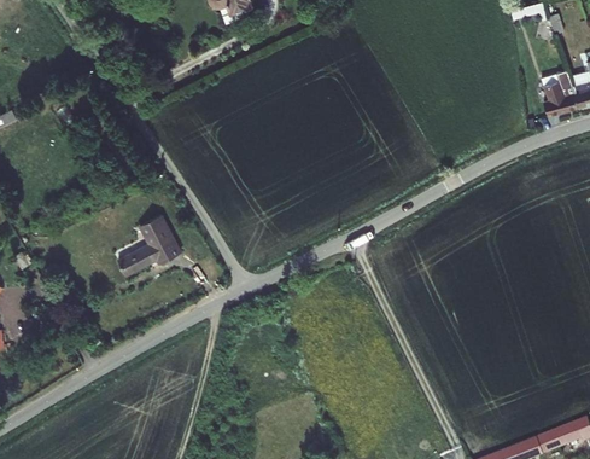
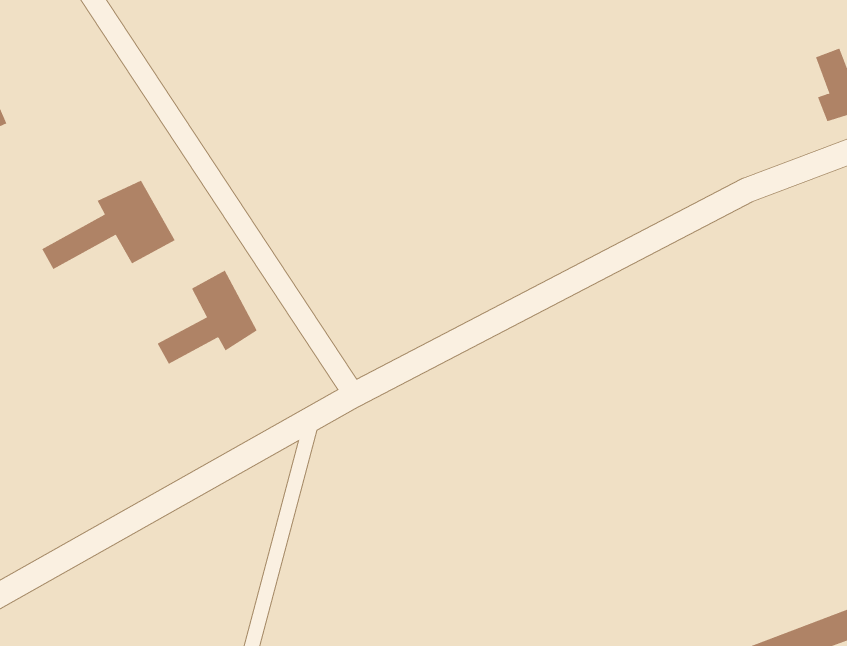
building: none -> [42,180,175,270]

